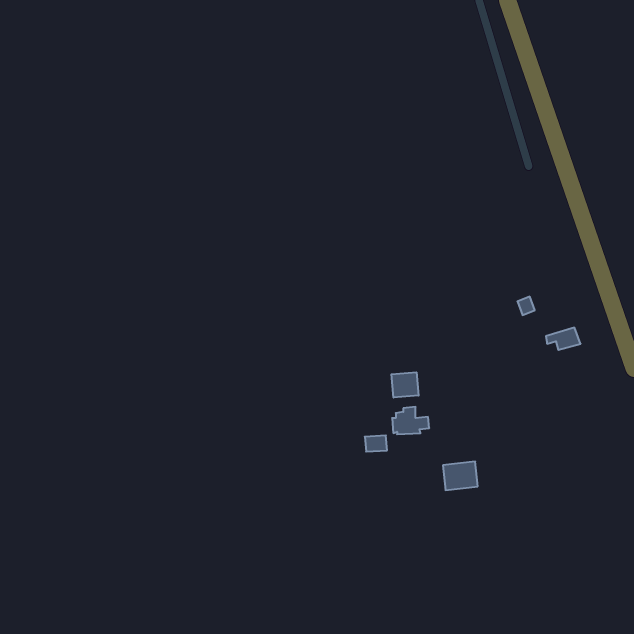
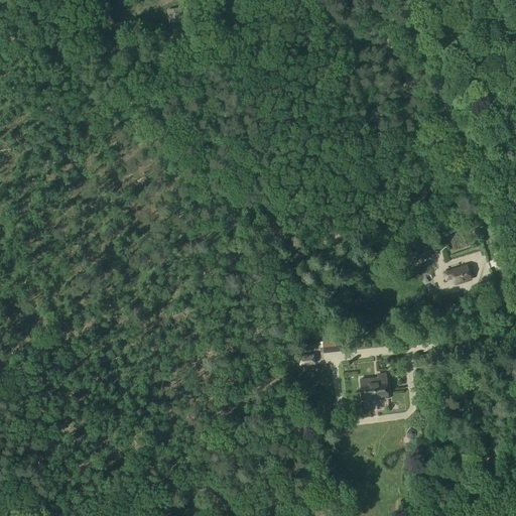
building: [391,372,419,398] -> none

